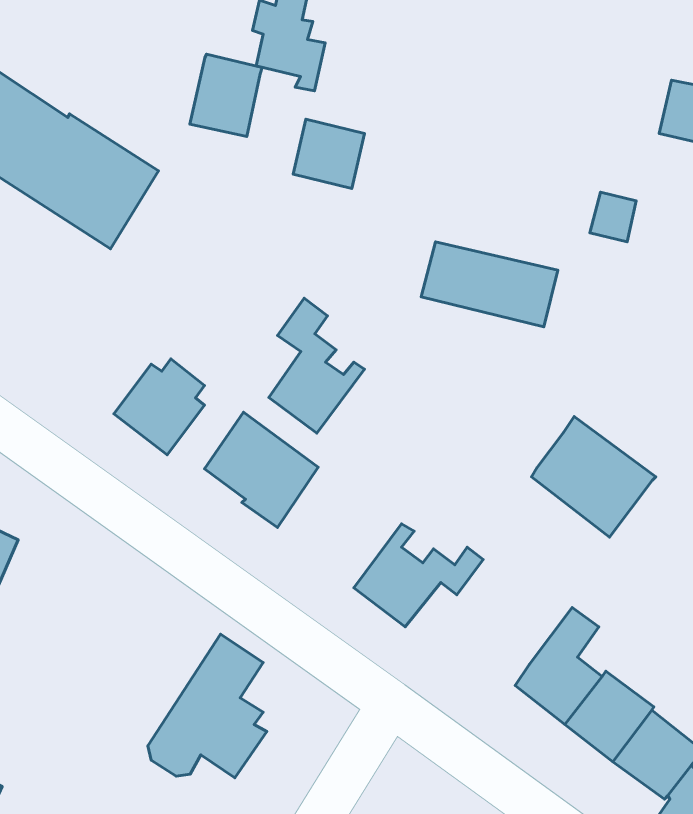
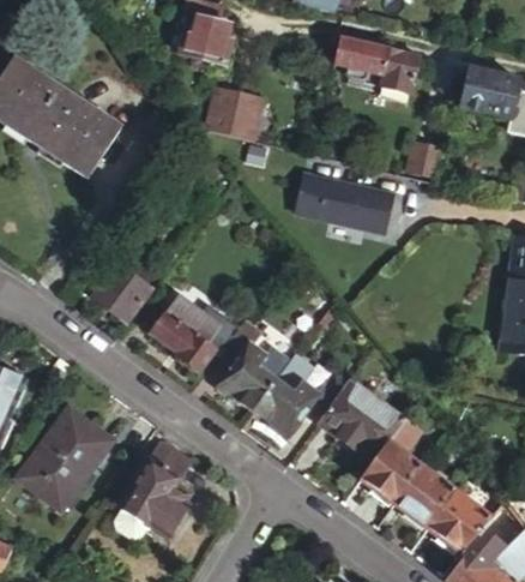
building: none -> [339,38,420,95]
building: [190,54,262,136] -> none
building: [269,298,365,433] -> [221,318,285,409]
building: [531,416,656,537] -> [319,379,403,461]
building: none -> [20,408,116,516]

